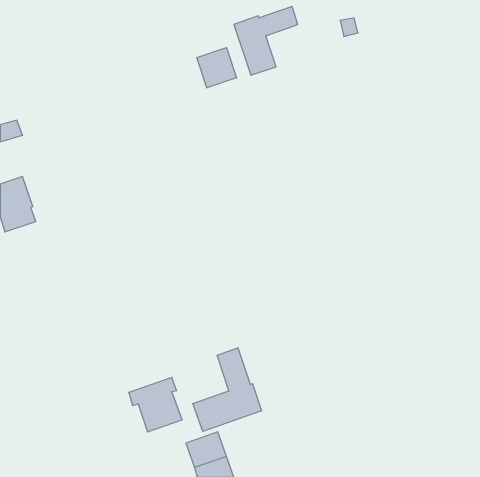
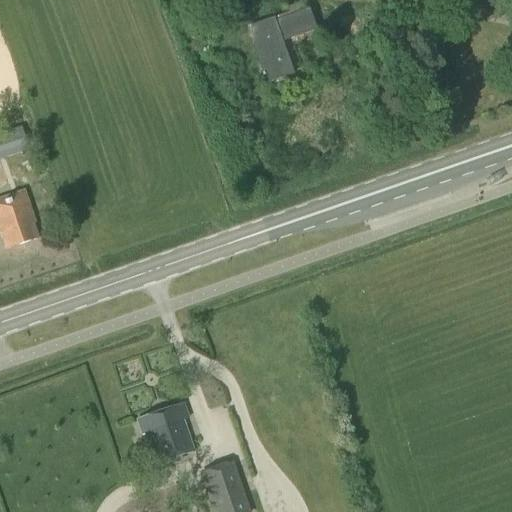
building: [197,48,236,88] -> none
building: [193,348,262,431] -> none

